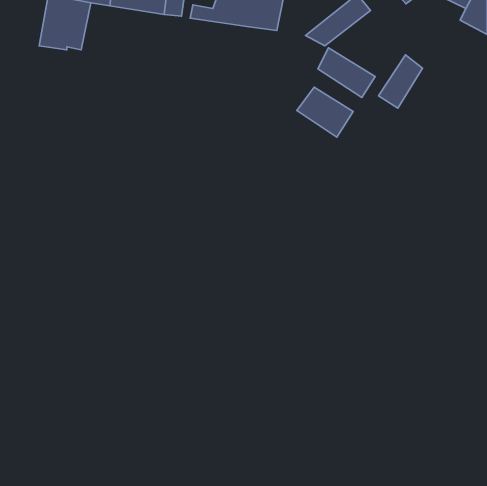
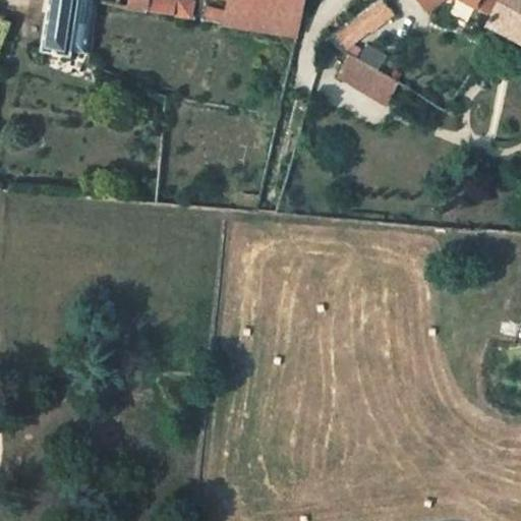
building: [379,55,422,108] -> none
building: [297,87,353,137] -> none

